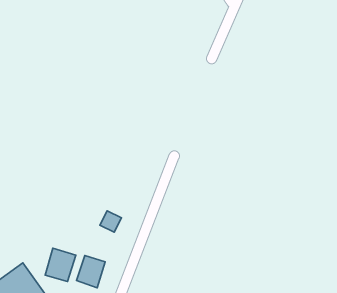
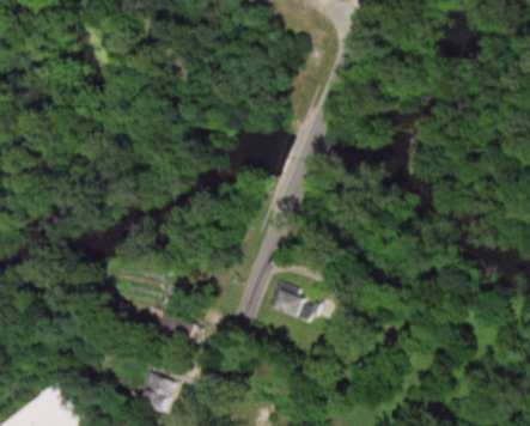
building: none -> [269,284,316,323]
building: [45,248,76,282] -> none

